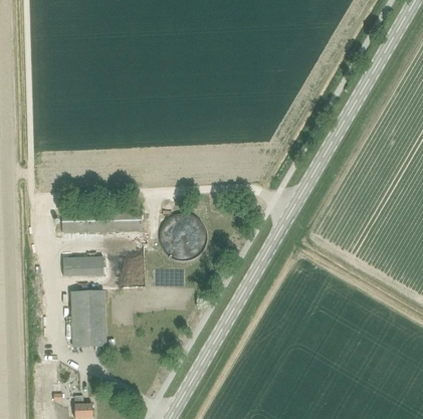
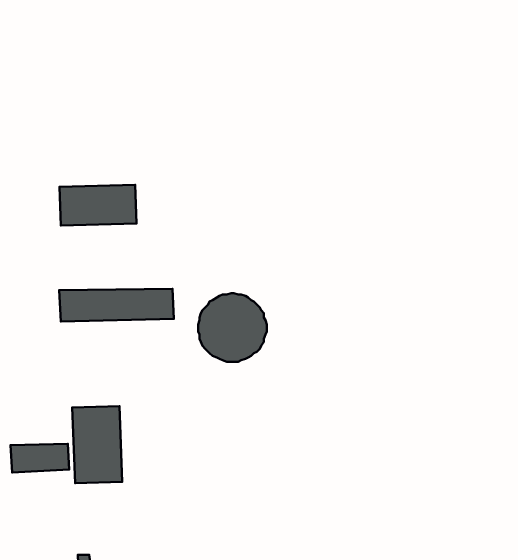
building: none -> [59,185,136,226]
building: [62,256,103,276] -> [11,444,69,472]

